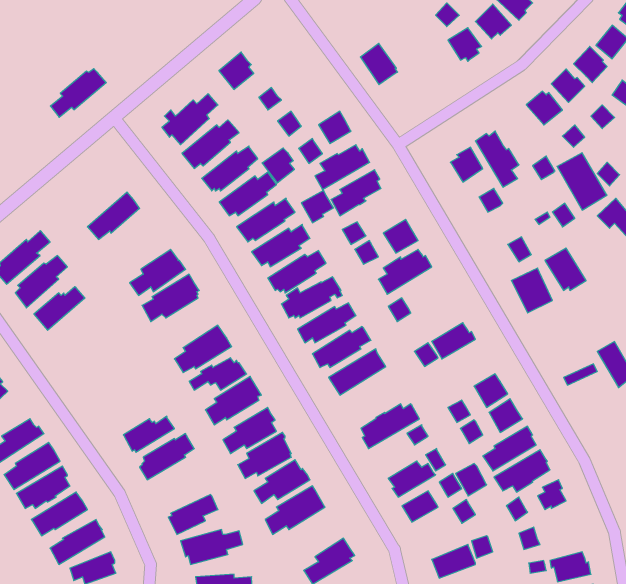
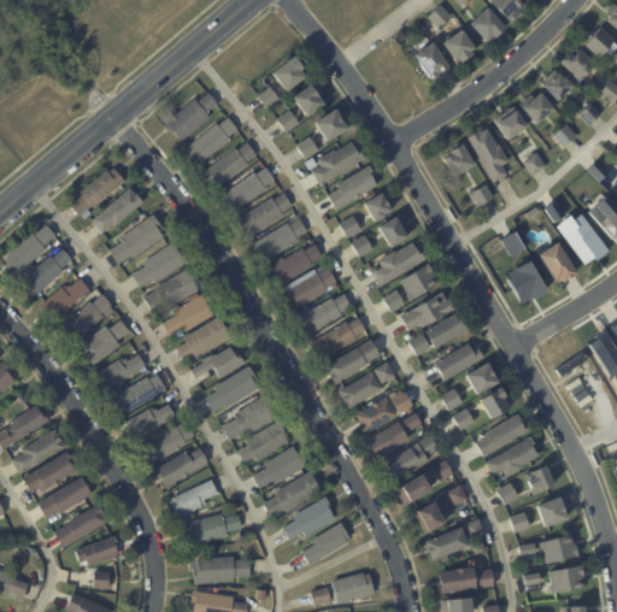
building: [360,43,398,85] -> [412,40,448,80]
building: [219,52,254,89] -> [272,54,306,90]
building: [50,69,106,117] -> [71,167,125,214]
building: none -> [492,105,525,139]
building: [262,148,294,183] -> [293,82,324,116]
building: [557,153,607,210] -> [557,210,605,265]
building: [301,190,334,223] -> [364,190,395,222]
building: none -> [110,213,164,264]
building: none -> [400,263,439,300]
building: none -> [163,292,213,335]
building: none -> [400,292,454,331]
building: none -> [59,294,114,341]
building: none -> [76,319,130,365]
building: none -> [435,343,484,379]
building: none -> [98,354,146,389]
building: none -> [339,361,395,408]
building: none -> [111,373,166,412]
building: none -> [368,422,409,459]
building: none -> [153,448,208,487]
building: [456,464,487,496] -> [417,502,447,534]
building: none -> [282,496,335,540]
building: none -> [537,498,569,528]

